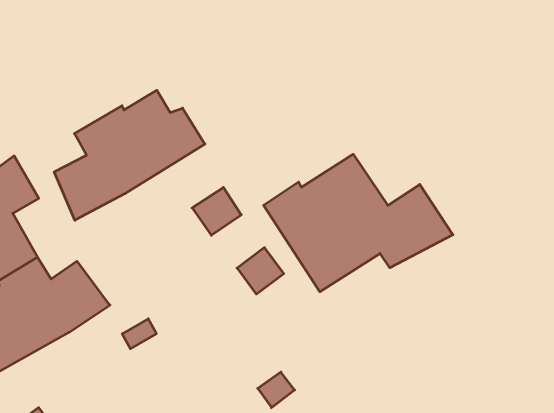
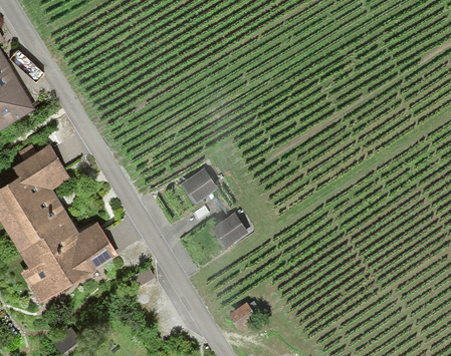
building: [54,90,205,220] -> none
building: [264,154,453,292] -> none

